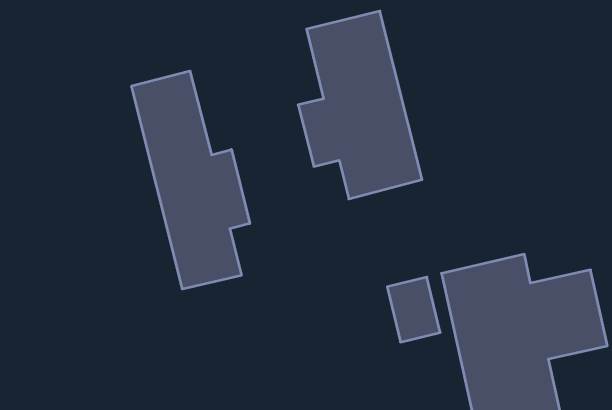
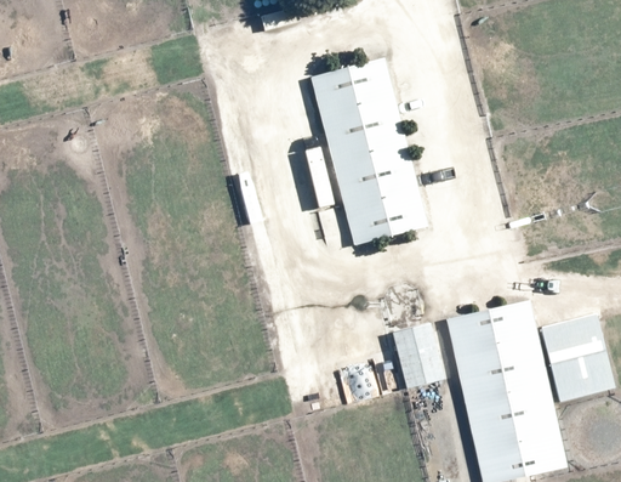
building: [132,71,250,289] -> none

